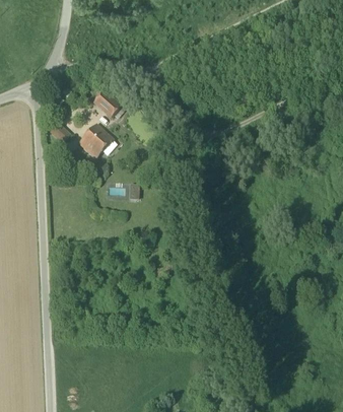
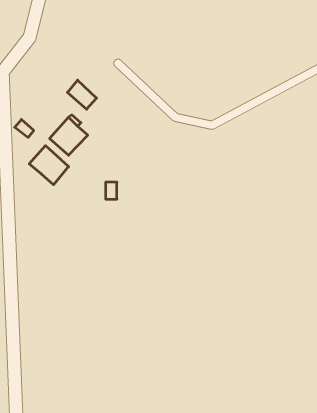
building: none -> [29,146,69,185]

